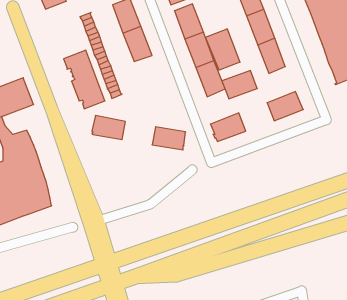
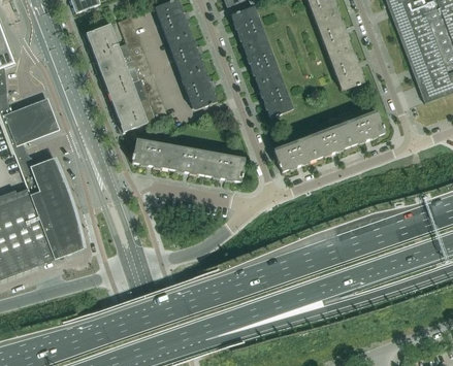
building: none -> [83,24,125,72]
building: [205,29,240,70] -> none
building: none -> [183,68,217,110]
building: [222,71,257,99] -> [309,125,351,159]
building: none -> [168,147,208,175]

